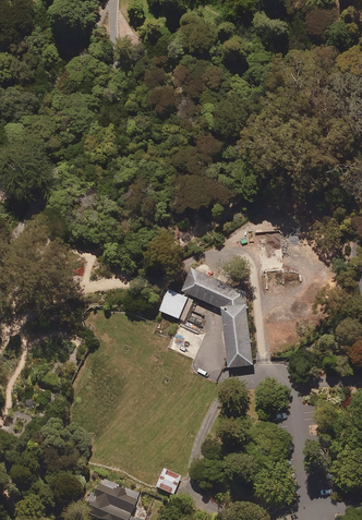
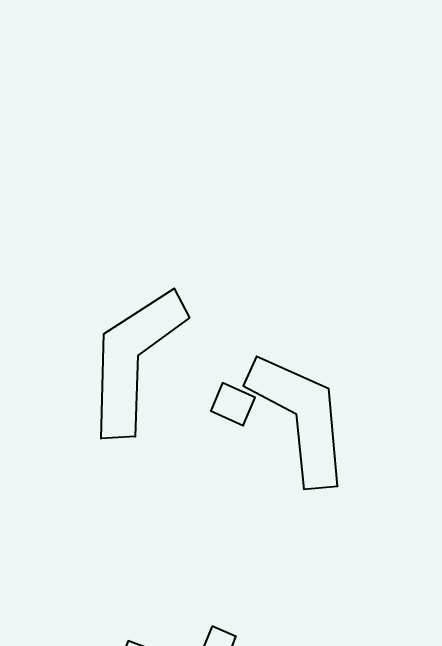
building: none -> [101,288,189,439]

